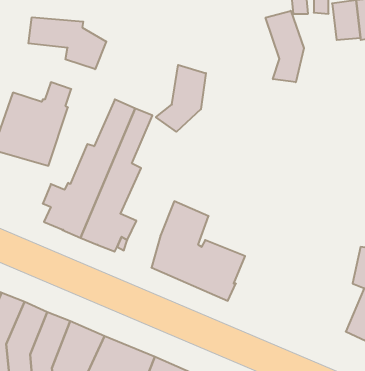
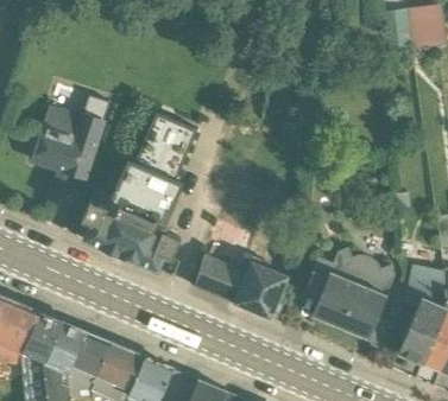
building: [266,11,304,82] -> none
building: [28,17,106,69] -> none
building: [156,65,206,132] -> none
building: none -> [304,247,395,348]

